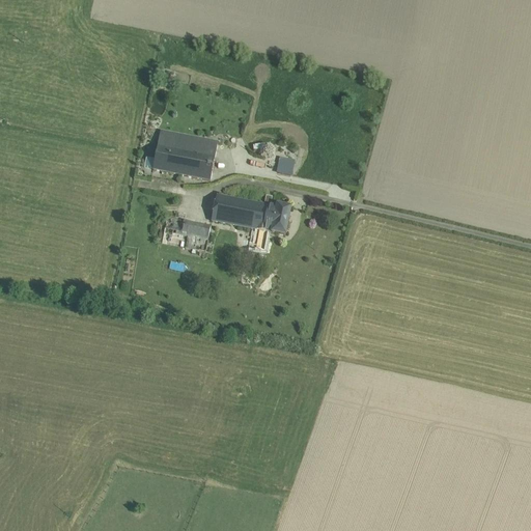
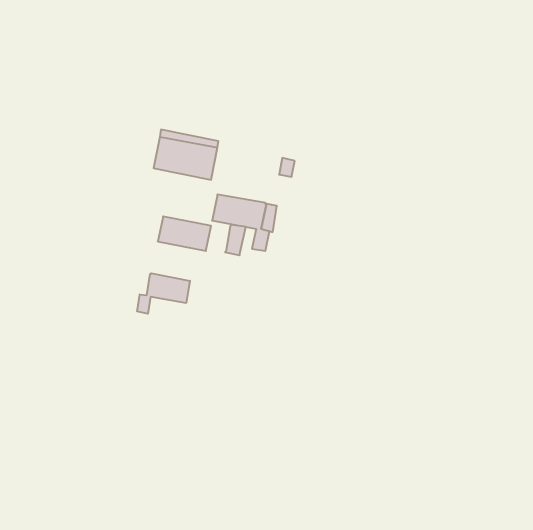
building: [270,203,290,233] -> [225,225,246,255]
building: none -> [137,273,190,314]

